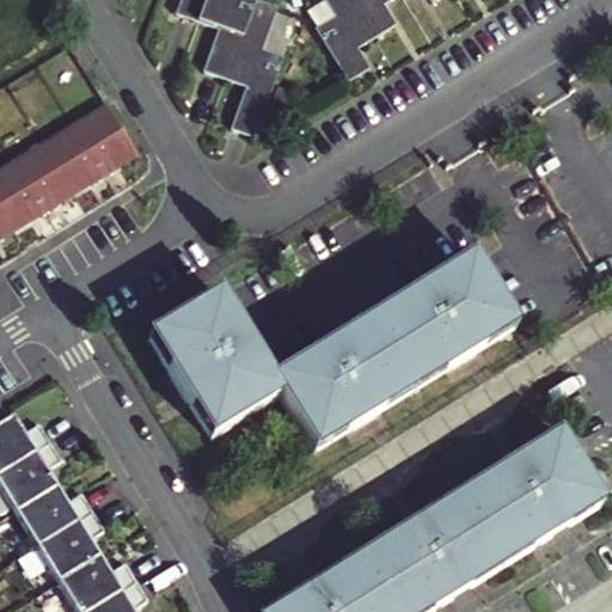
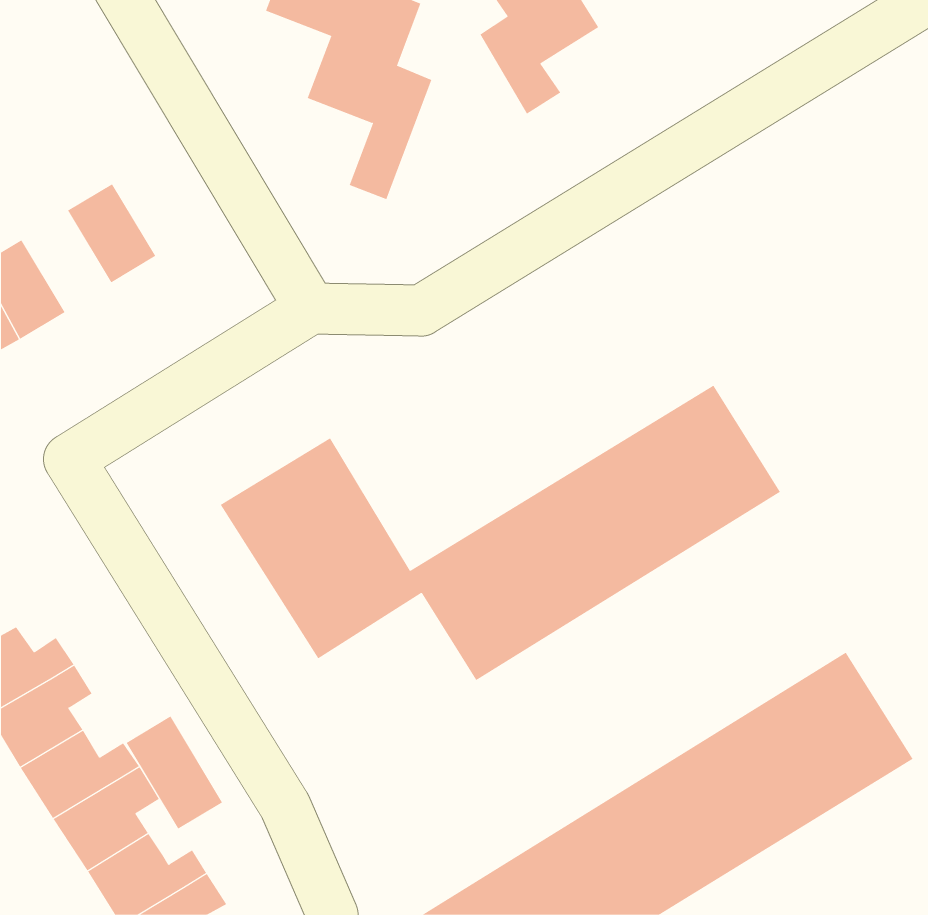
building: [74,102,134,169] -> none
building: [14,139,73,206] -> none
building: none -> [126,716,223,830]

